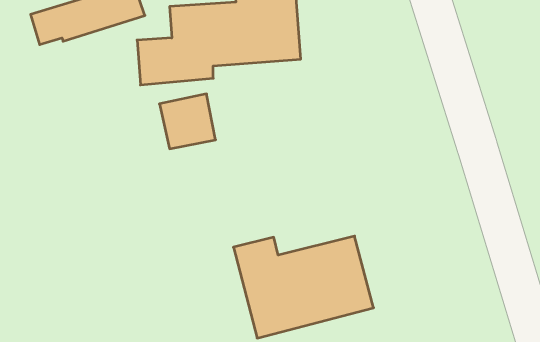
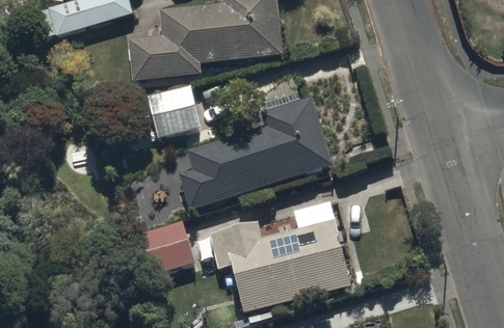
building: none -> [179,100,329,209]
building: none -> [138,219,194,274]

